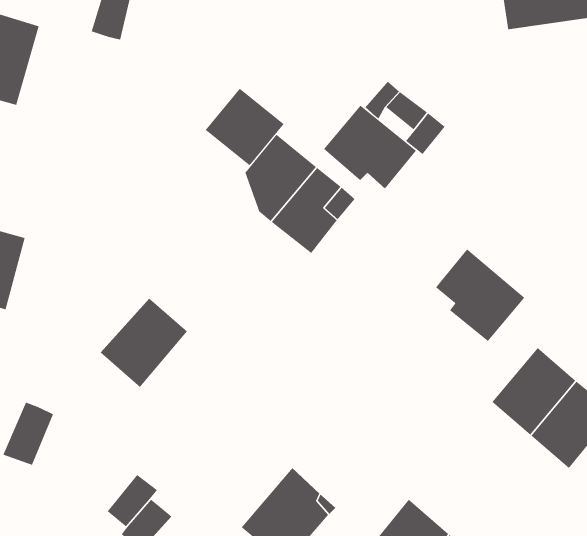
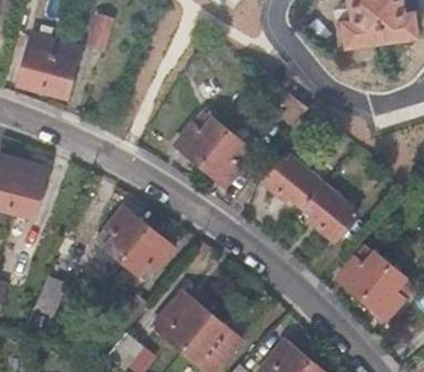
building: none -> [41,42,79,99]
building: [205,88,284,166] -> none
building: [323,105,417,190] -> [263,151,321,204]
building: none -> [118,232,172,289]
building: none -> [150,290,212,353]

